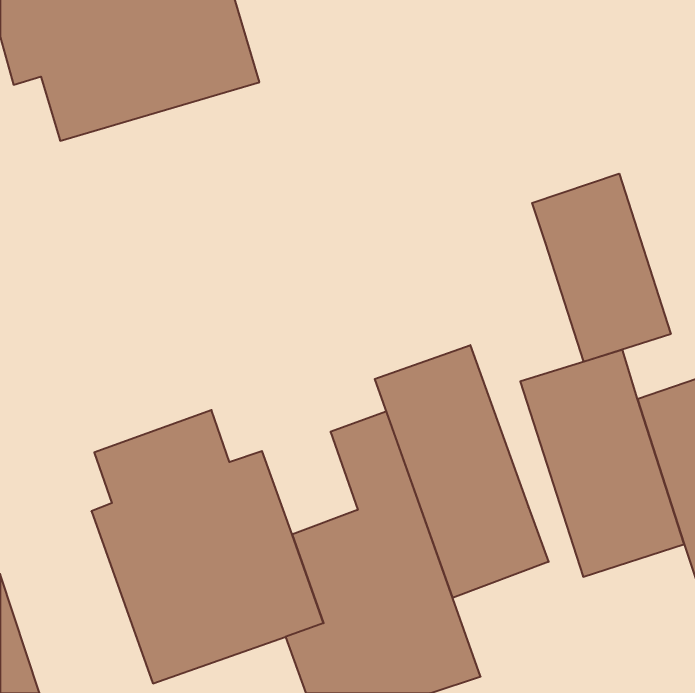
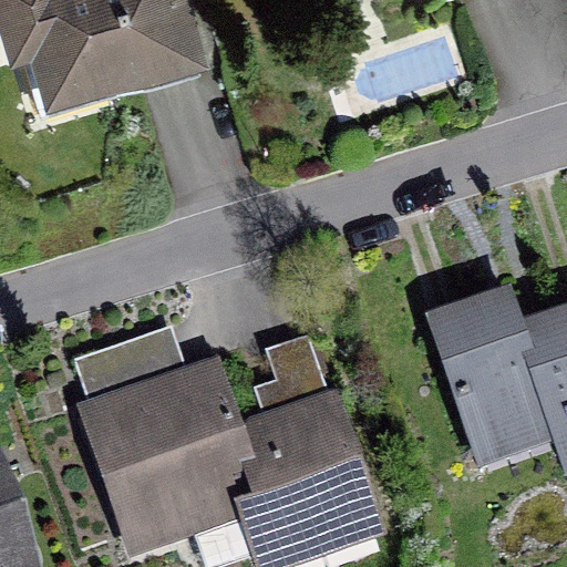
building: [532,174,671,362] -> none
building: [375,345,549,598] -> none

